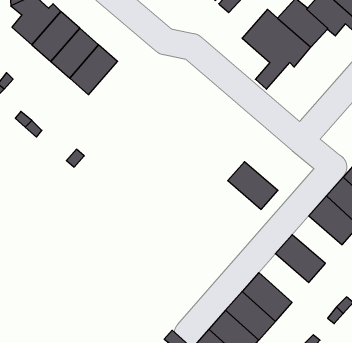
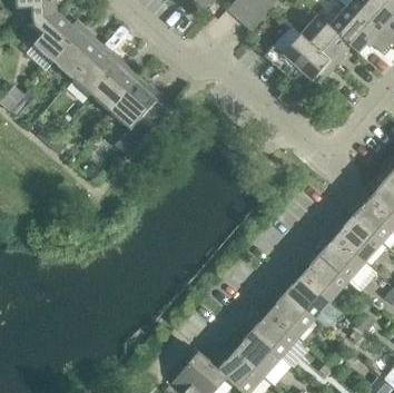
building: none -> [111,79,166,155]
building: [228,162,278,209] -> [315,234,365,282]
building: none -> [282,272,332,321]

